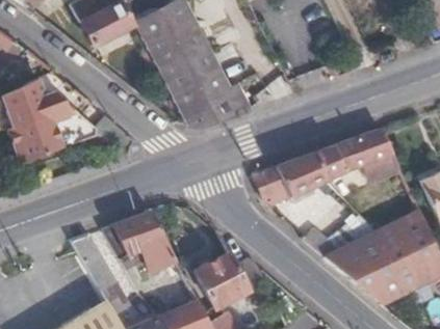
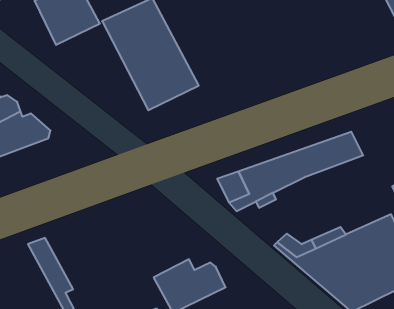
building: [185,81,257,127] -> none
building: [110,212,174,272] -> none

